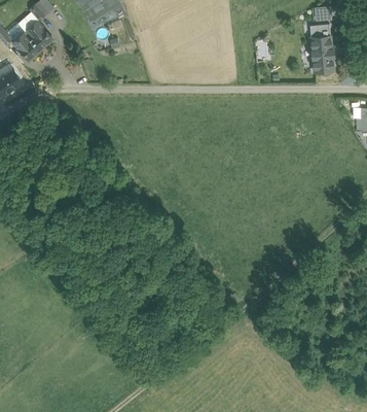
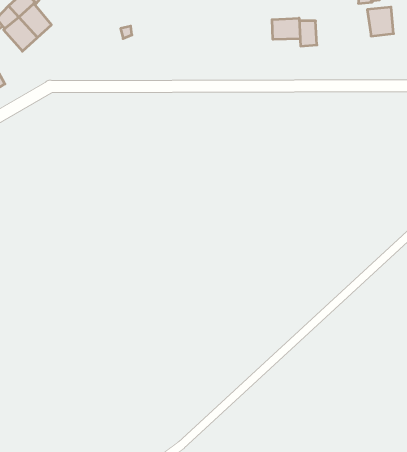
building: none -> [272,18,300,39]
building: [315,46,335,72] -> none

